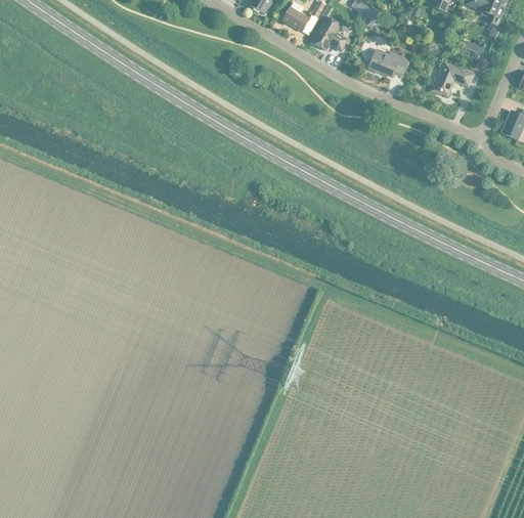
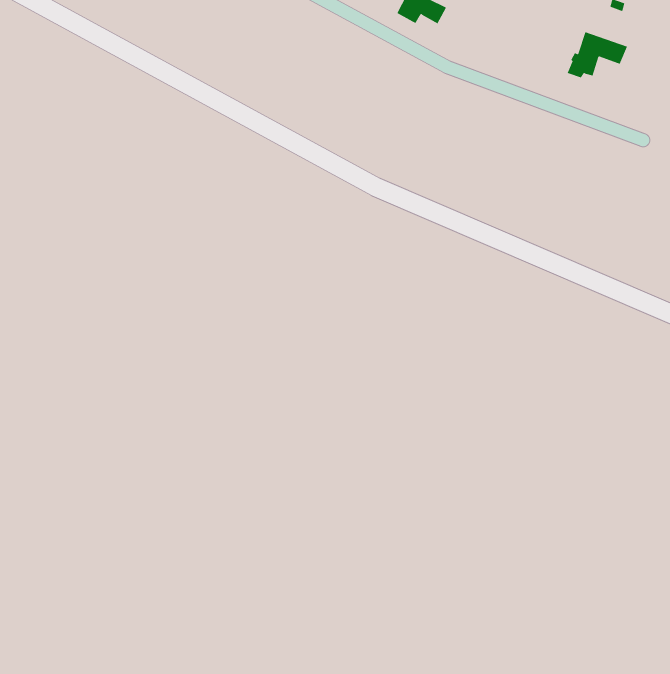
building: [368,50,409,75] -> none

